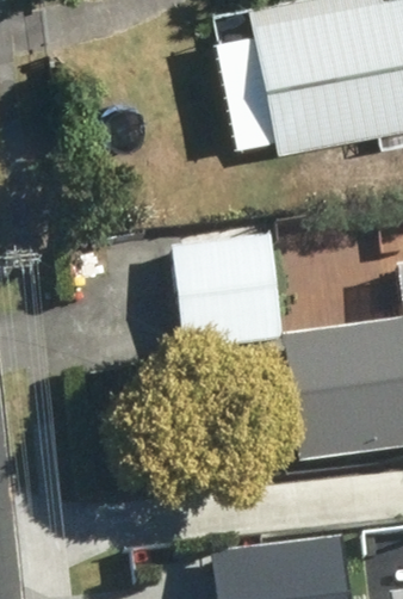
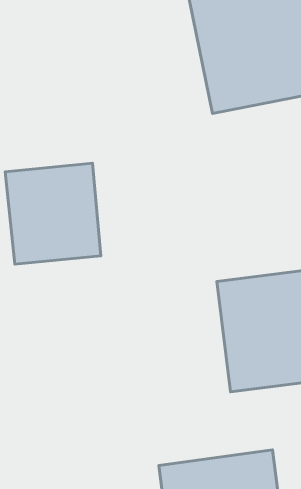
building: [170,239,279,353] -> [5,163,101,264]

